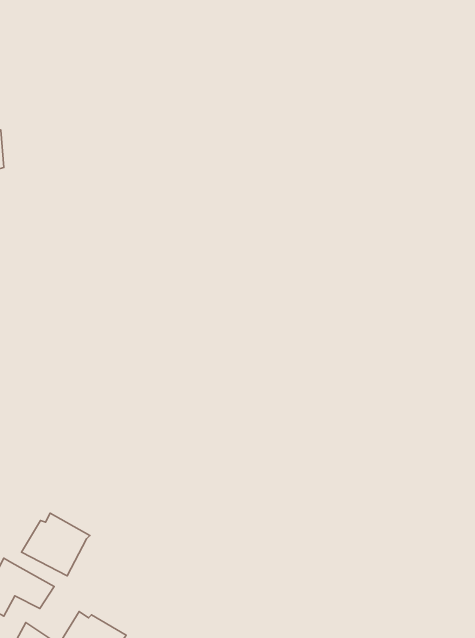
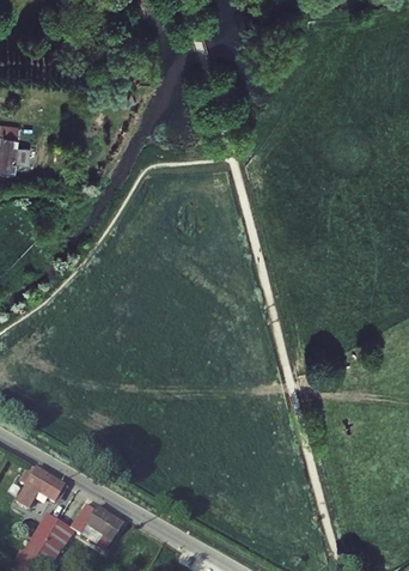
building: [21,513,90,576] -> none

